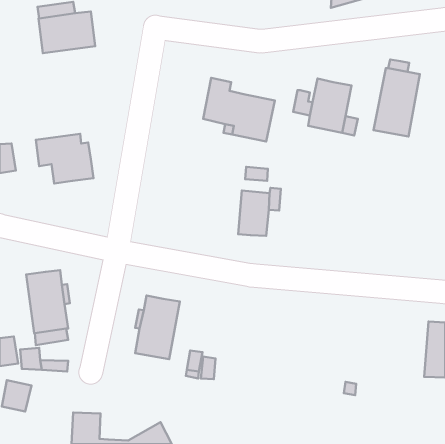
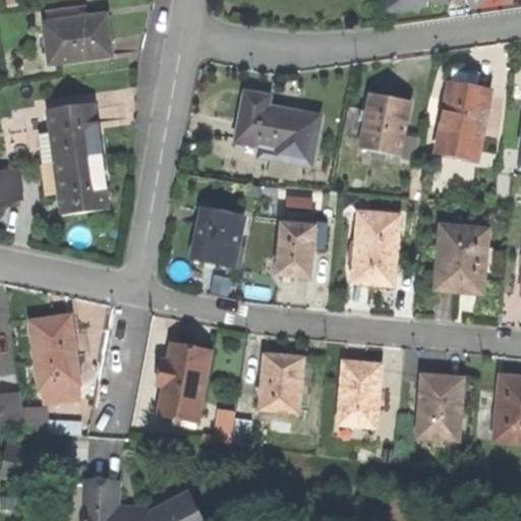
building: none -> [40,103,99,163]
building: none -> [192,206,245,267]
building: none -> [351,210,398,283]
building: none -> [435,222,488,290]
building: none -> [259,353,302,410]
building: none -> [339,360,380,424]
building: none -> [417,372,464,439]

